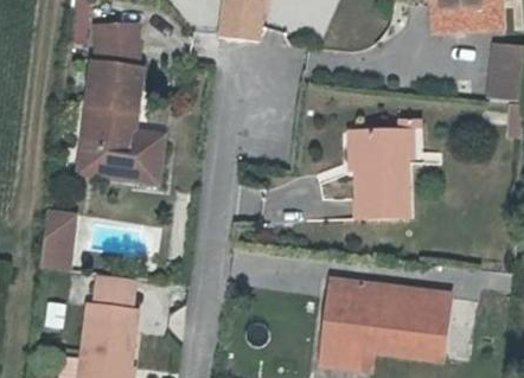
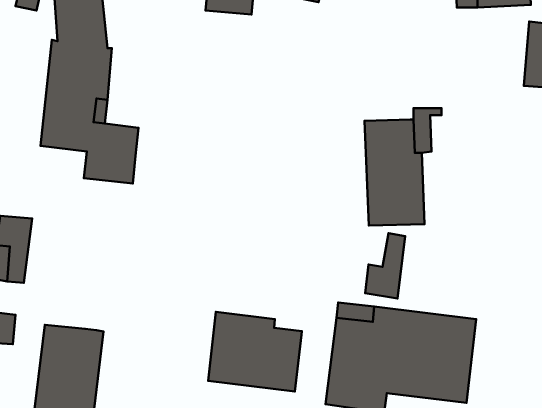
building: none -> [365,233,405,299]
building: [91,273,133,306] -> none
building: none -> [208,312,302,392]

